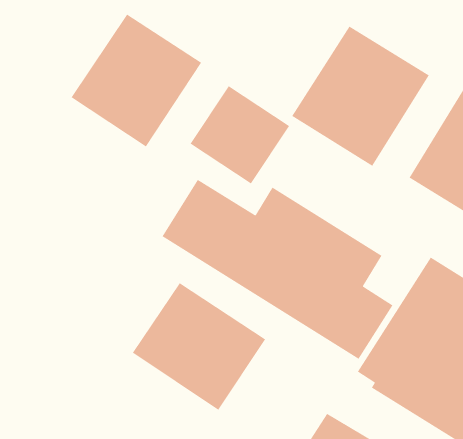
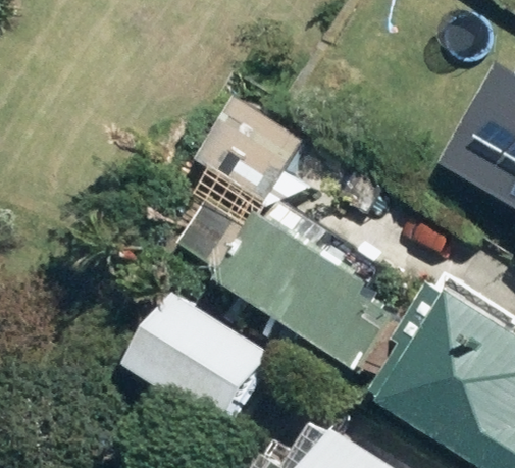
building: [70,13,202,147] -> none
building: [291,25,430,167] -> none

